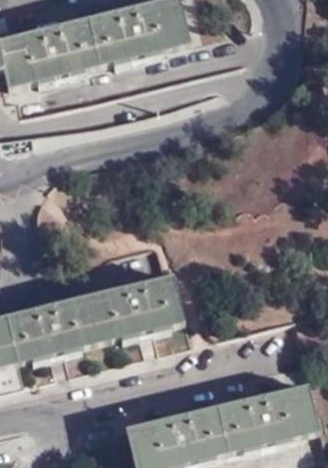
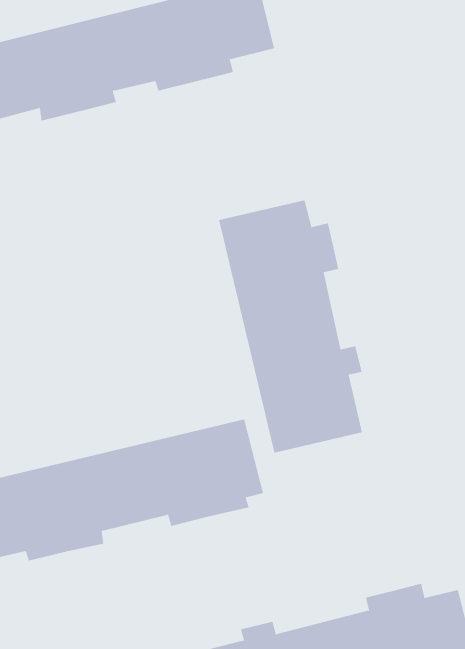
building: none -> [218,199,362,453]

